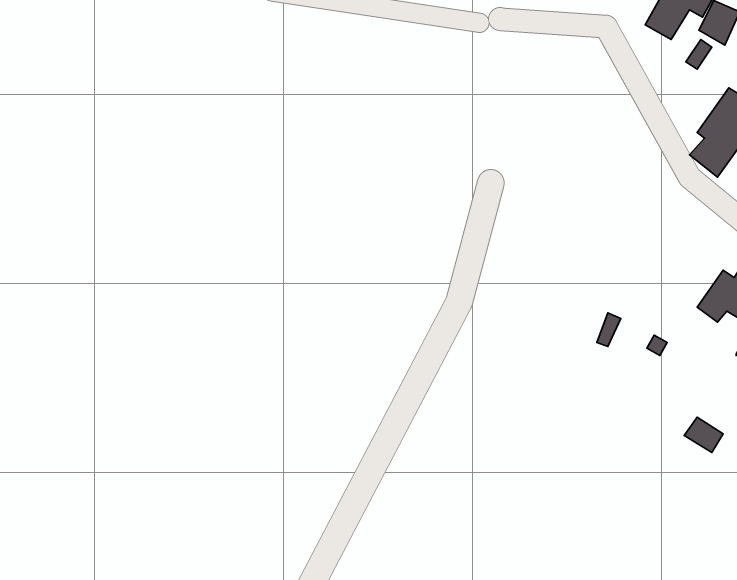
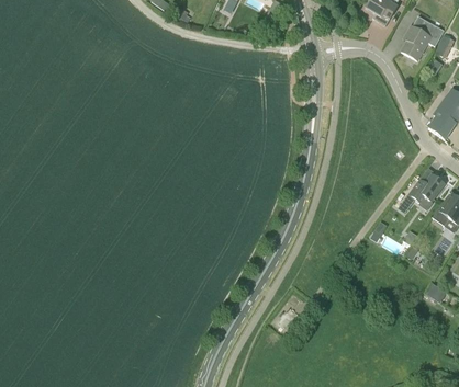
building: none -> [408,172,445,200]

